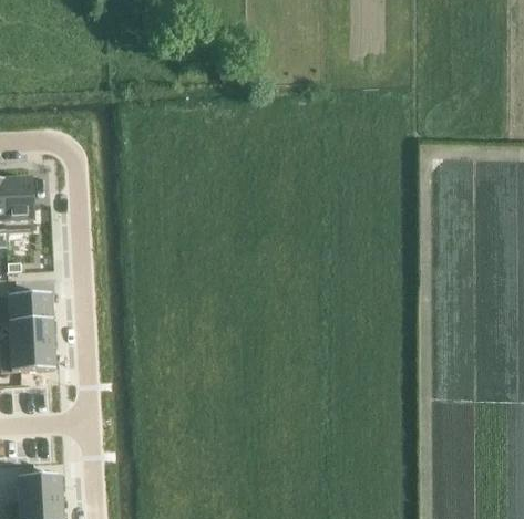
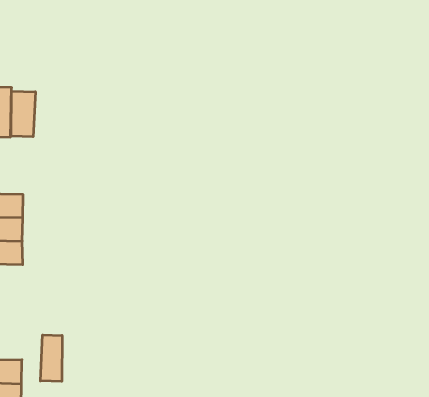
building: none -> [11,91,35,137]
building: none -> [40,335,62,381]

